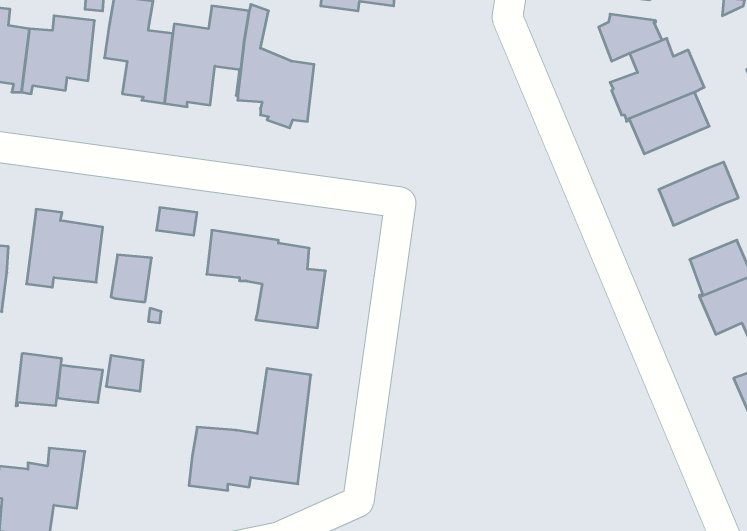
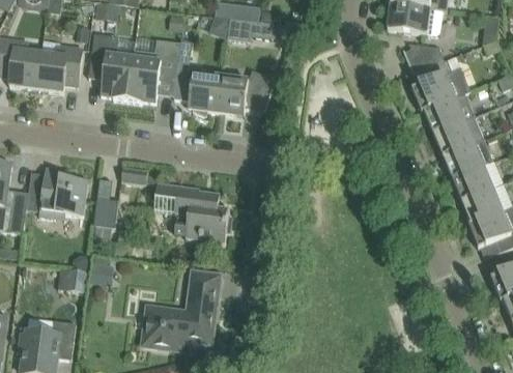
building: none -> [218,69,275,114]
building: none -> [432,114,483,154]
building: none -> [451,164,491,199]
building: [16,353,61,406] -> none

